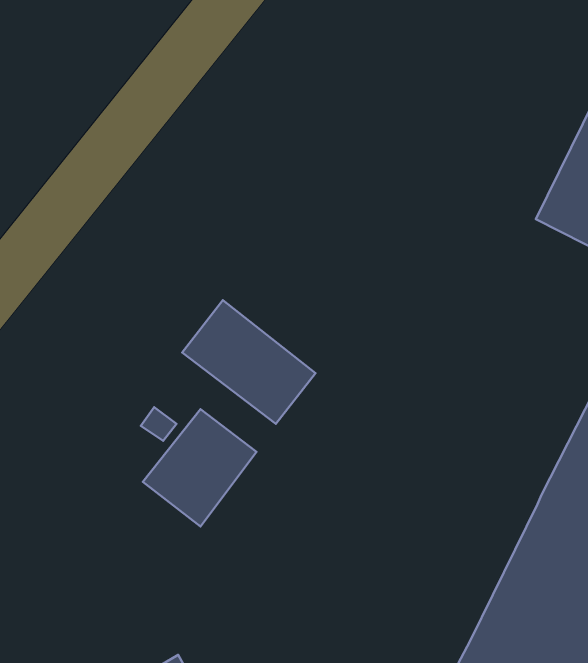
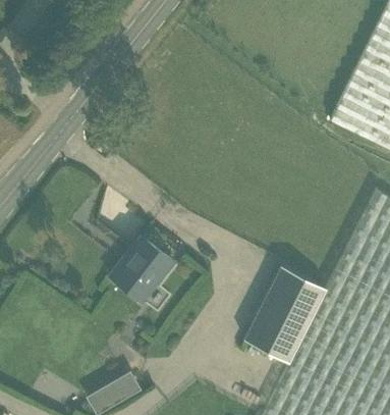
building: [182,300,316,424] -> none
building: none -> [242,266,326,363]

